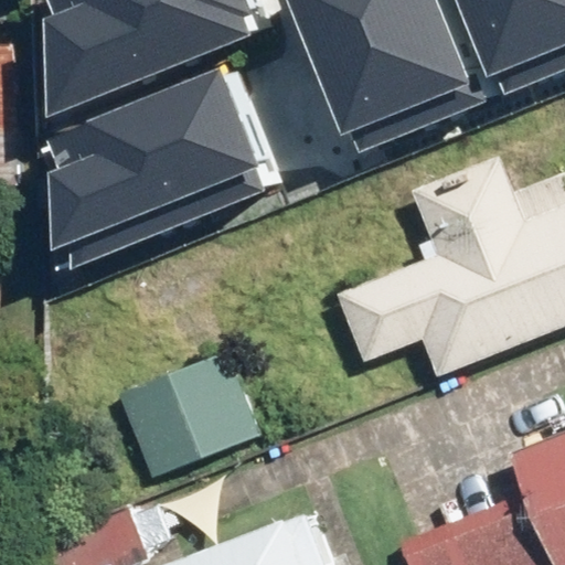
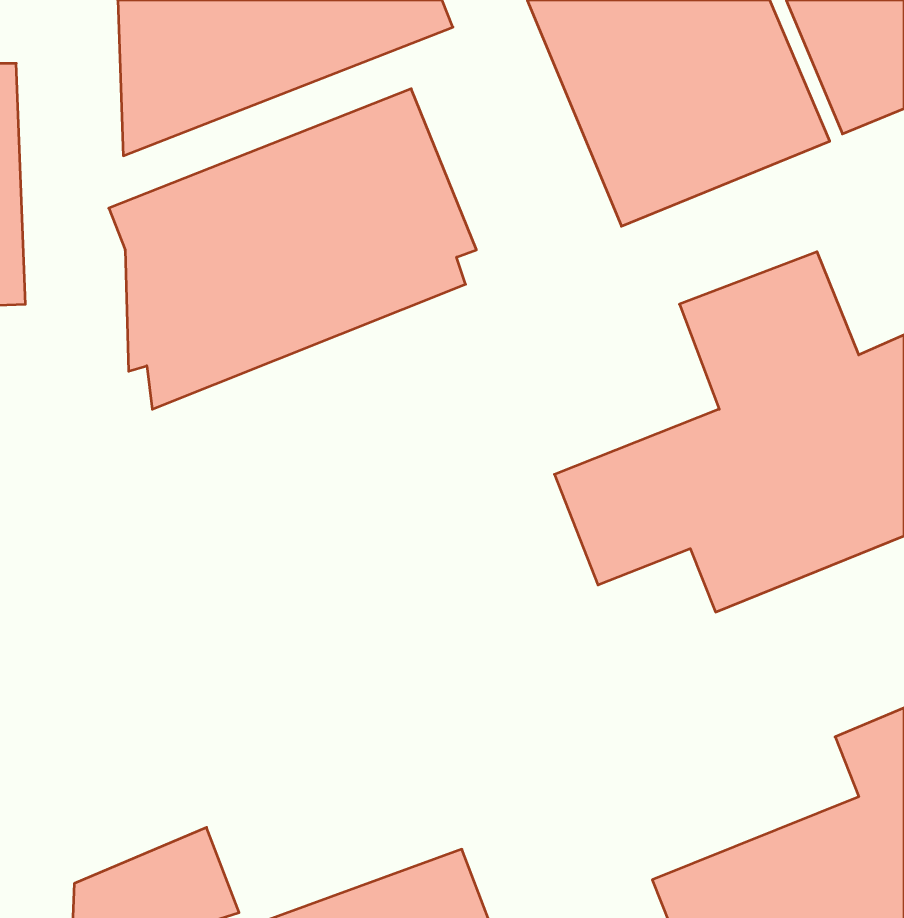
building: [72,351,258,495] -> none

